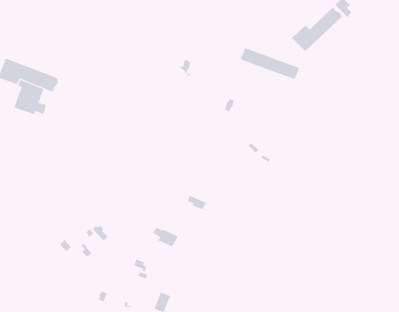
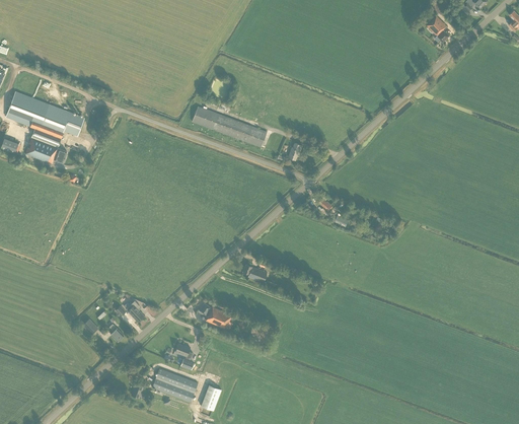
building: [291,7,342,52] -> none
building: [240,47,300,80] -> [192,105,267,146]
building: none -> [152,367,198,401]

